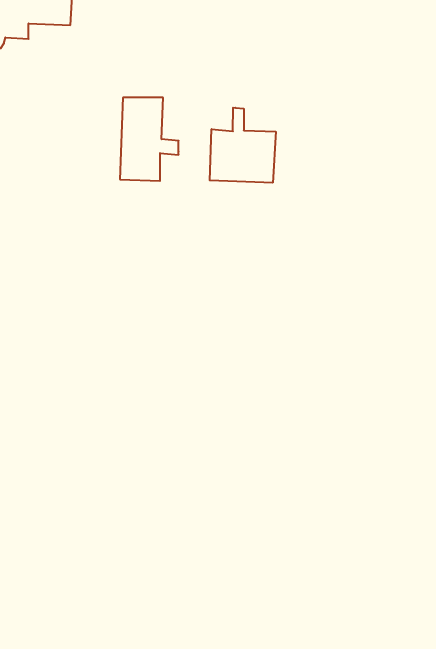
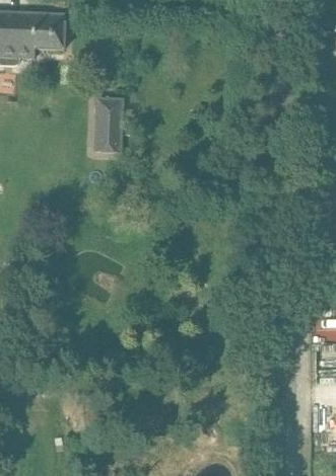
building: [210,108,276,183] -> none

